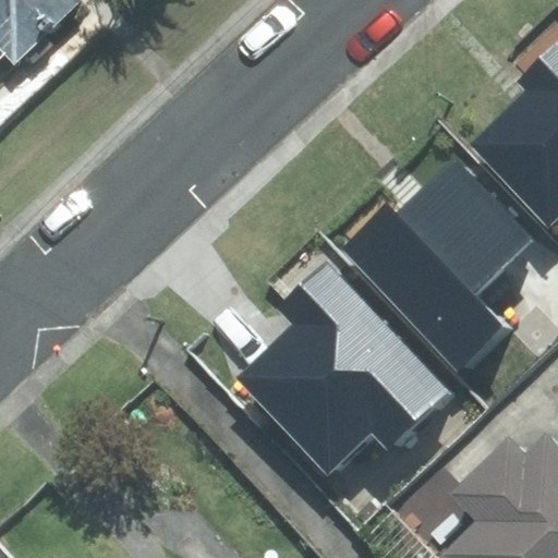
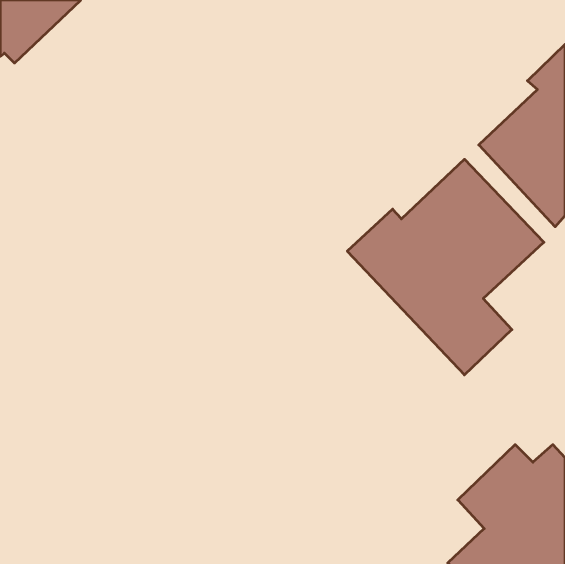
building: [235,260,450,476] -> none

